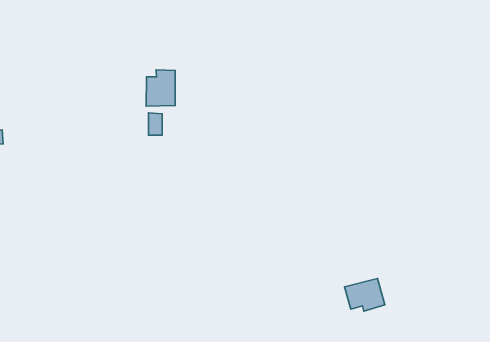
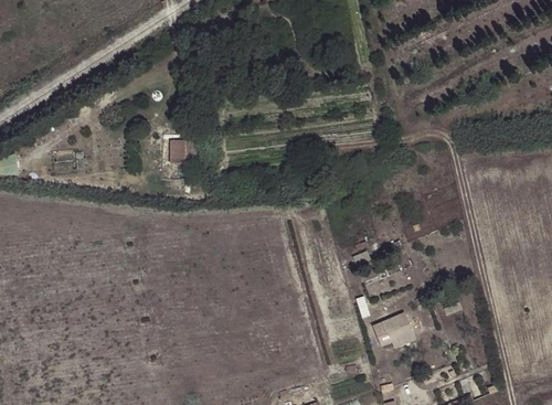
building: [146,70,175,106] -> none

